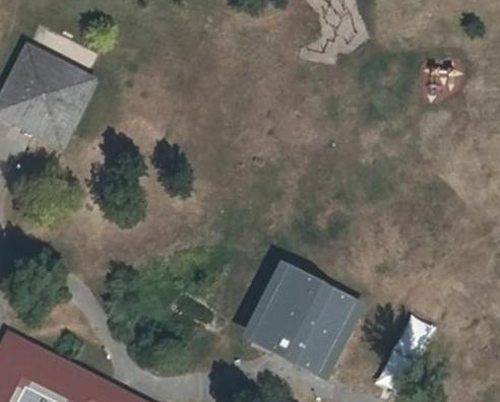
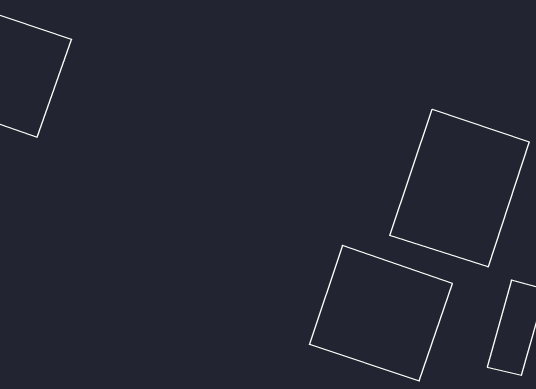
building: none -> [390,109,529,267]

